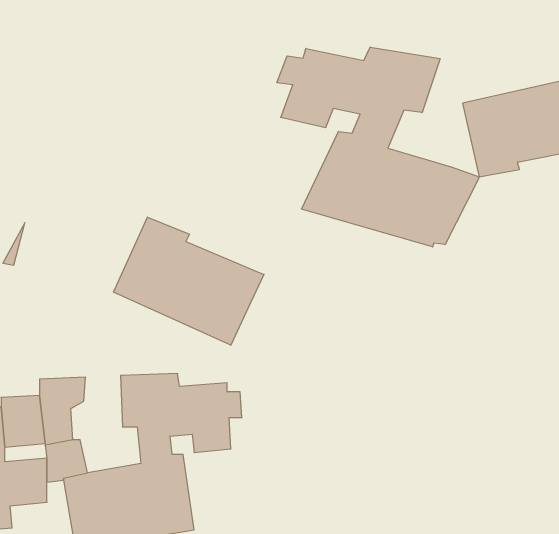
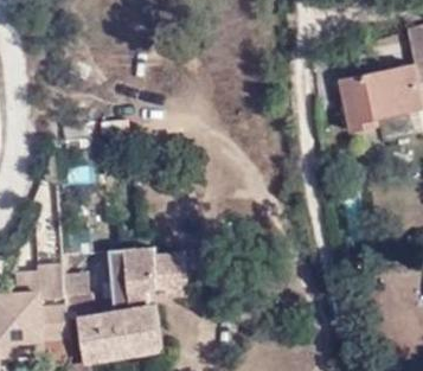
building: [277,47,479,247] -> none
building: [114,217,264,345] -> none

